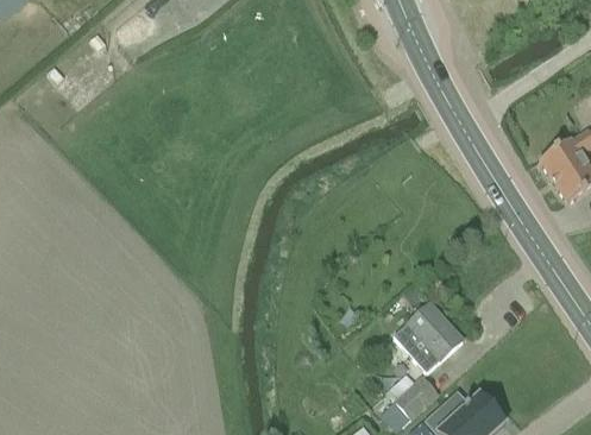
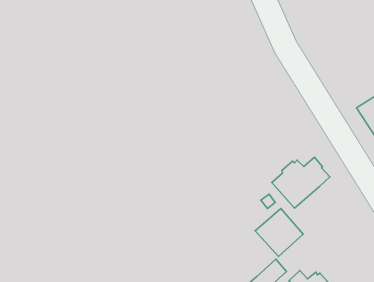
building: none -> [272,157,330,208]

